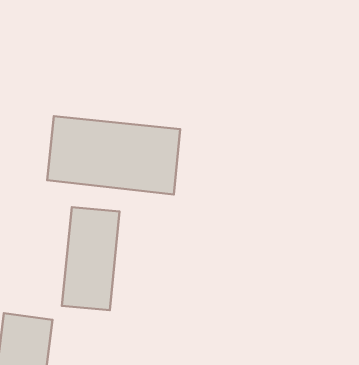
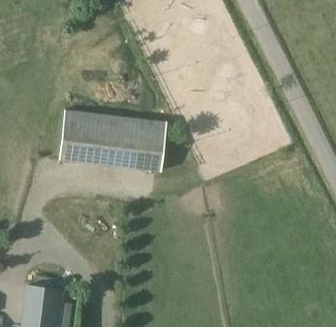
building: [62,207,120,310] -> none

